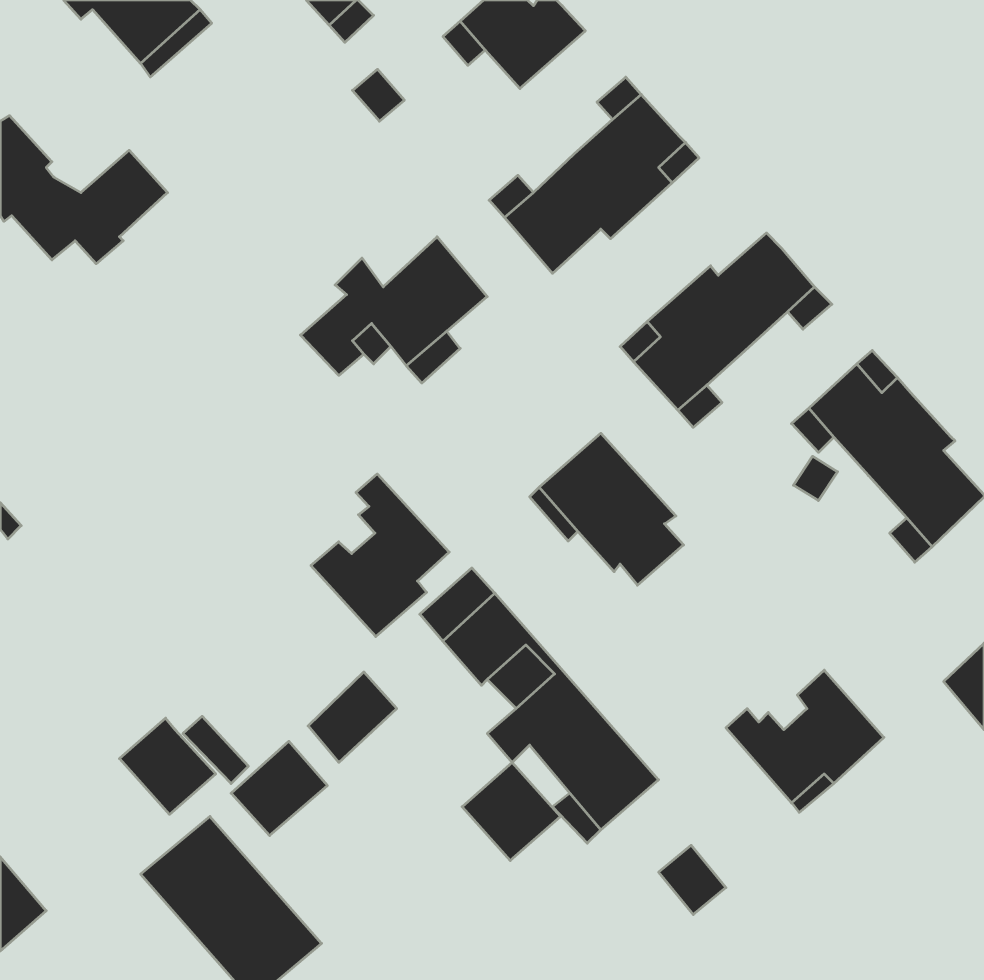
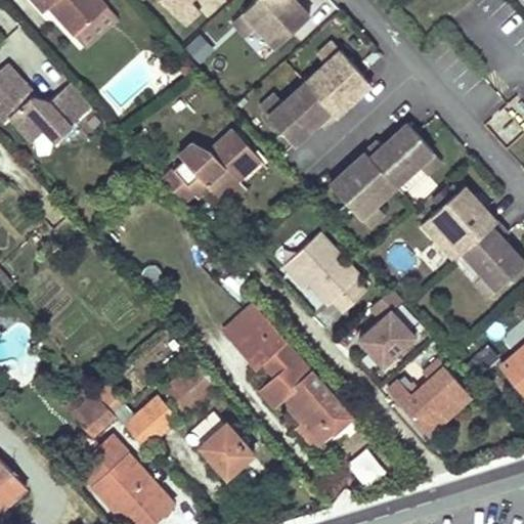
building: [311,474,449,637] -> none
building: none -> [358,286,414,363]
building: [462,762,560,861] -> [199,422,251,474]

